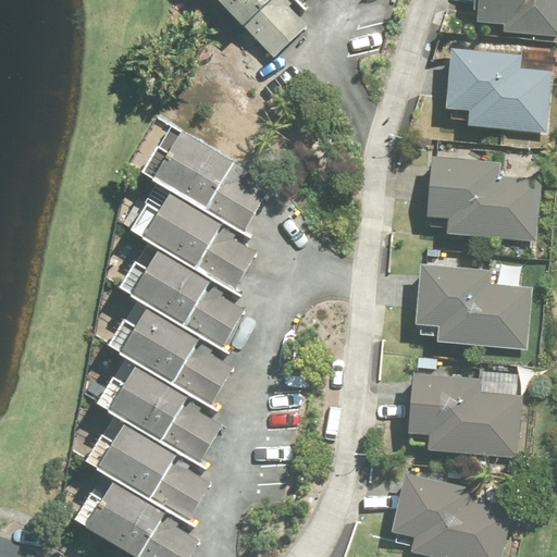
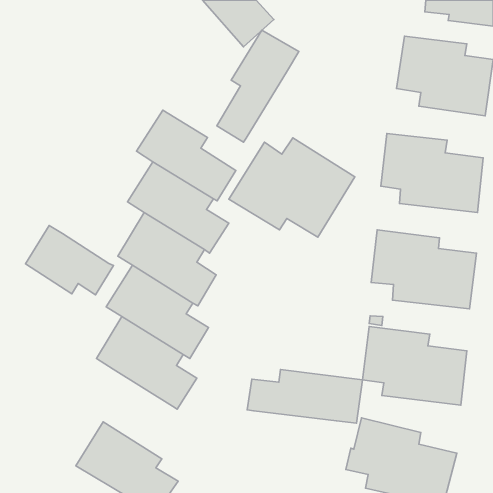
building: none -> [217,30,299,142]
building: none -> [229,138,355,237]
building: none -> [25,225,113,295]
building: [97,418,210,521] -> none
building: none -> [247,370,362,423]

